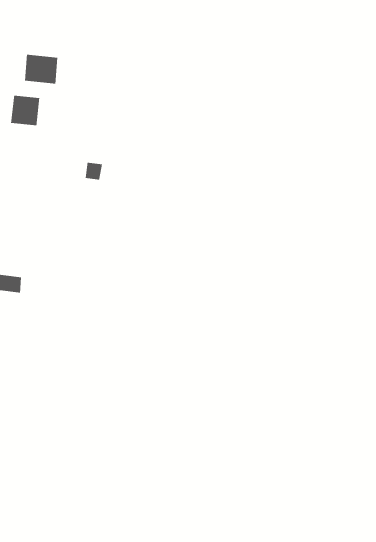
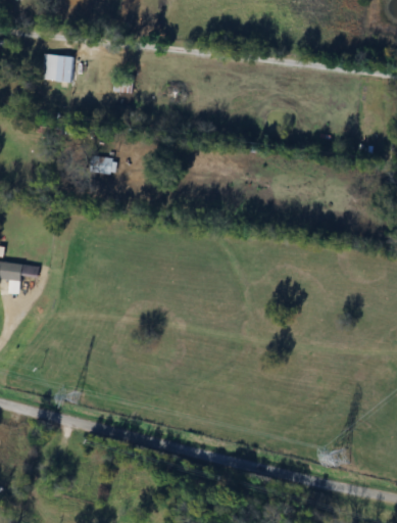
building: [10,95,40,126] -> none

